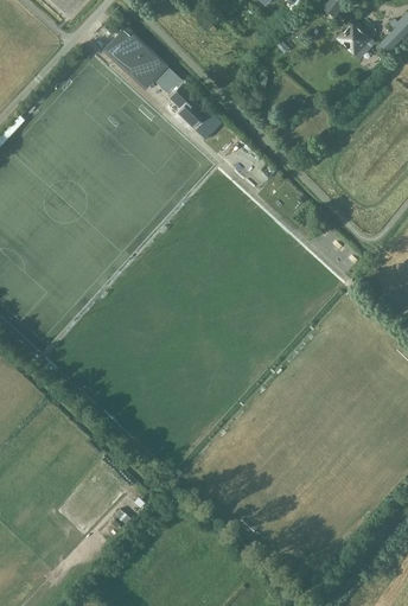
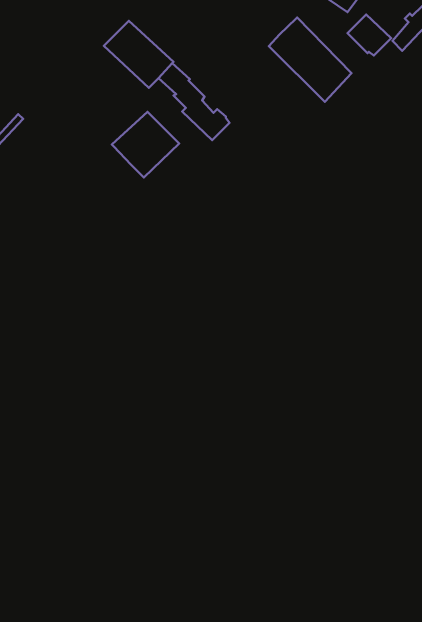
building: none -> [269,17,352,102]
building: none -> [112,112,179,177]

